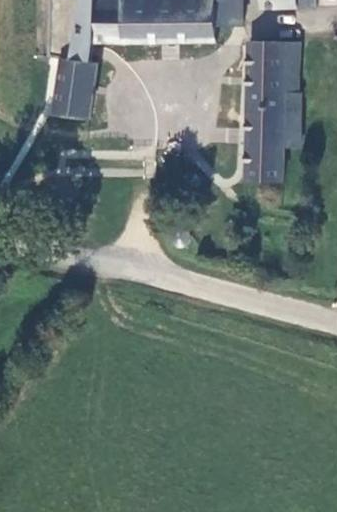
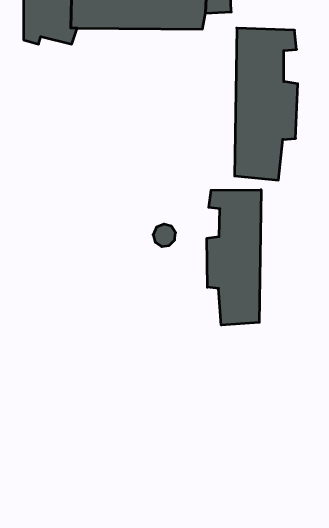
building: [49,48,97,117] -> none
building: none -> [207,190,261,325]

